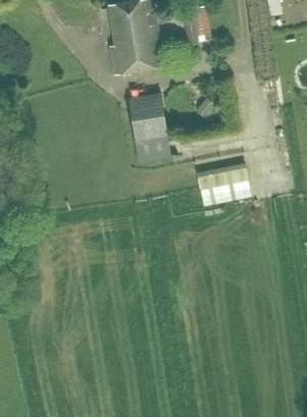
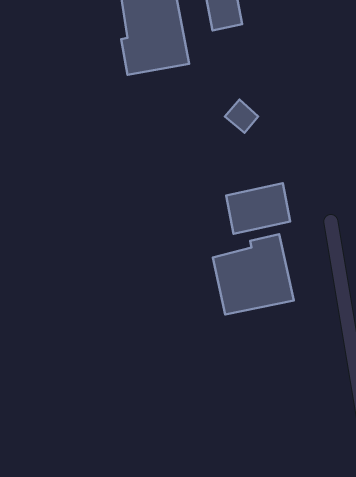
building: [129,94,170,163] -> none
building: none -> [213,234,294,315]

